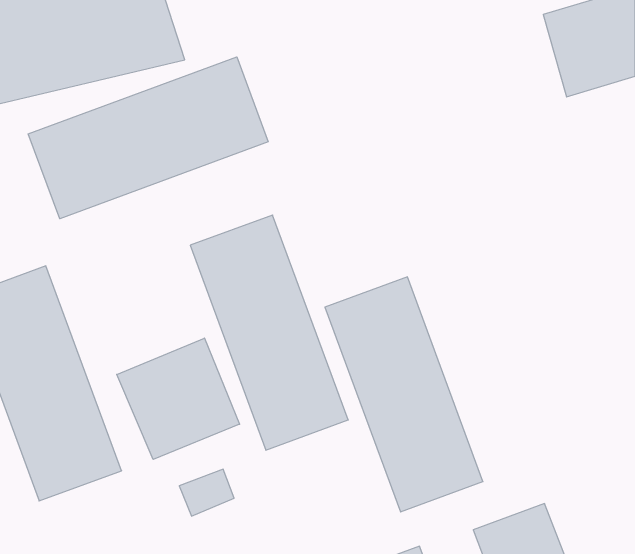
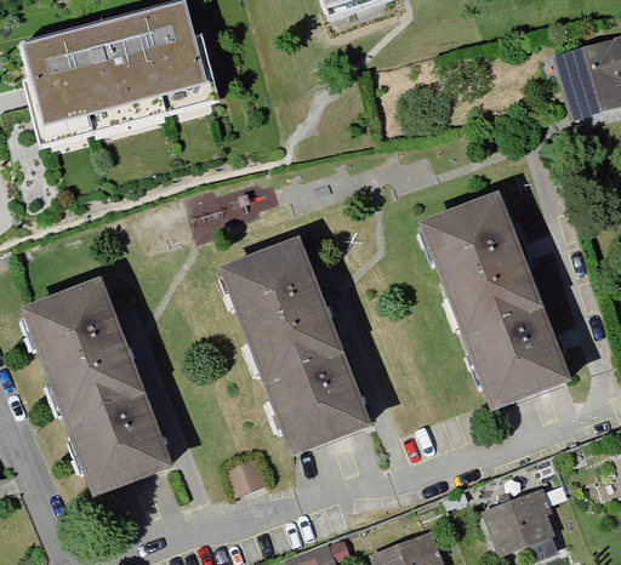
building: [28,57,268,219] -> none
building: [325,277,483,512] -> [425,193,564,400]
building: [117,338,240,459] -> none

